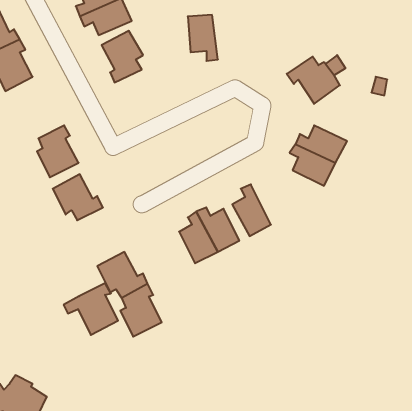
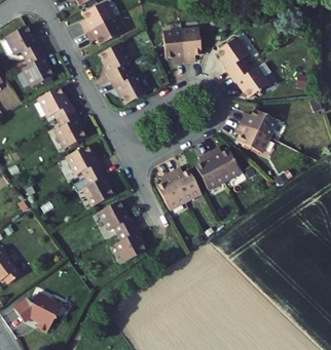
building: none -> [178,30,198,64]
building: none -> [219,36,250,74]
building: none -> [108,71,145,104]
building: none -> [36,87,72,120]
building: none -> [206,150,236,182]
building: [64,283,118,335] -> [70,169,109,206]

